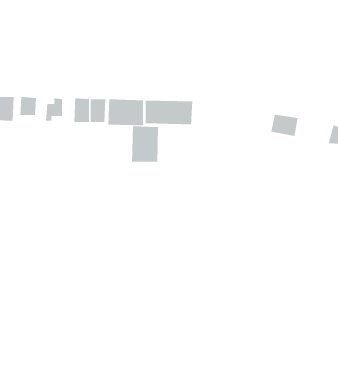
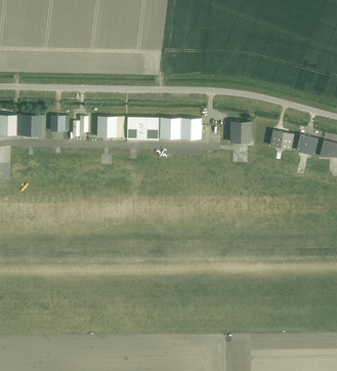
building: none -> [230,121,251,142]
building: none -> [292,132,319,155]
building: [132,126,159,163] -> none

